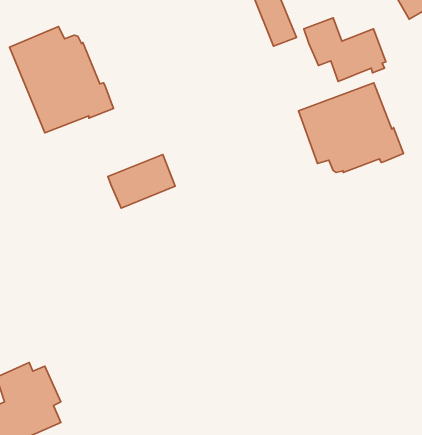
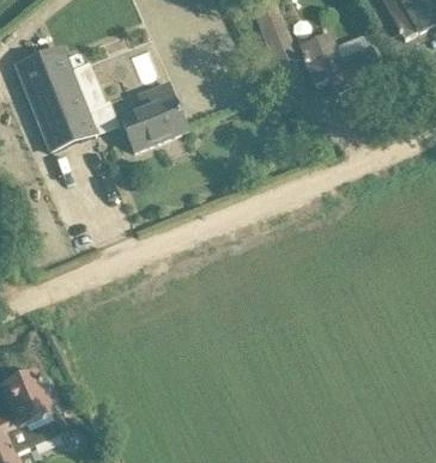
building: [299,83,403,173] -> none
building: [108,154,175,208] -> [115,95,181,147]

